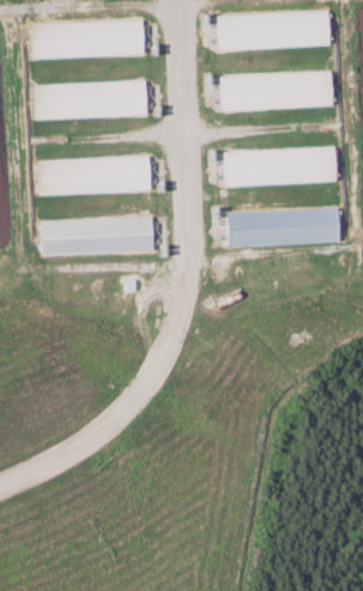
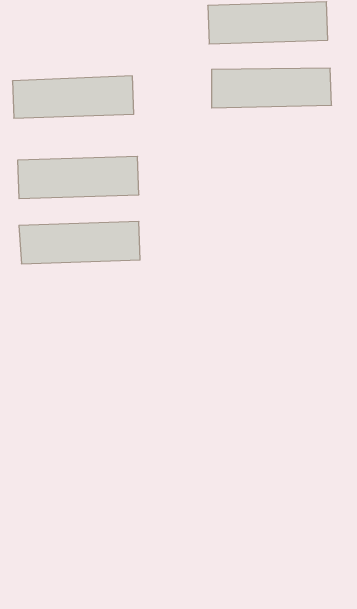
building: [31,19,145,59] -> none
building: [224,147,338,187] -> none
building: [226,208,339,246] -> none

